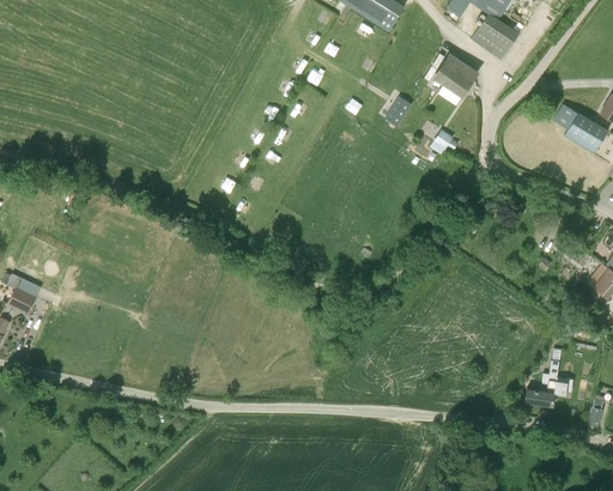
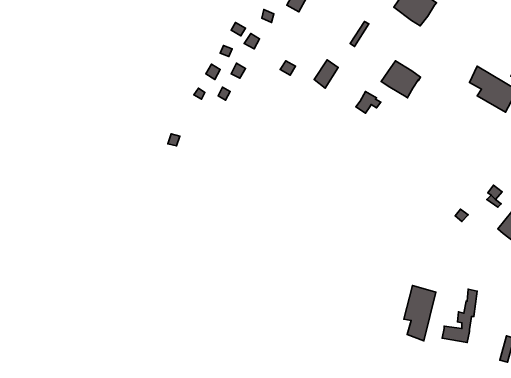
building: [433,55,477,96] -> [381,61,421,98]
building: none -> [404,286,436,341]

